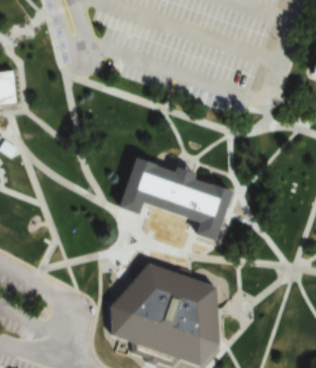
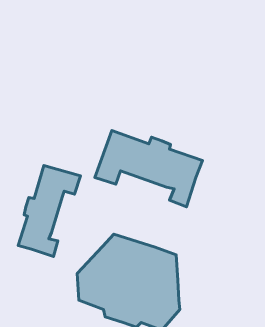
building: none -> [18,165,80,256]

